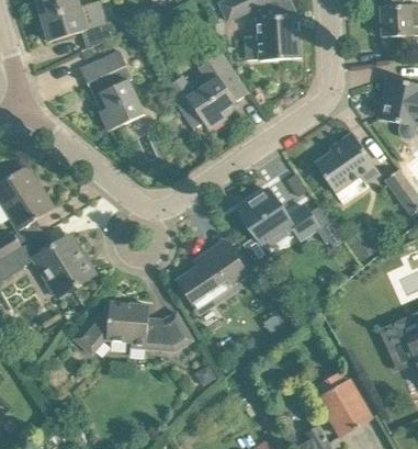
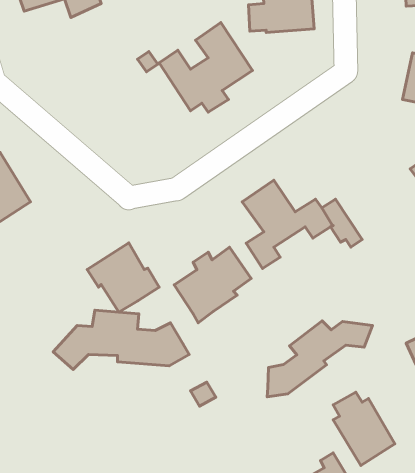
building: [80,50,144,130] -> none
building: [314,132,380,203] -> none
building: [32,234,94,294] -> [87,243,159,312]
building: none -> [267,321,372,397]

